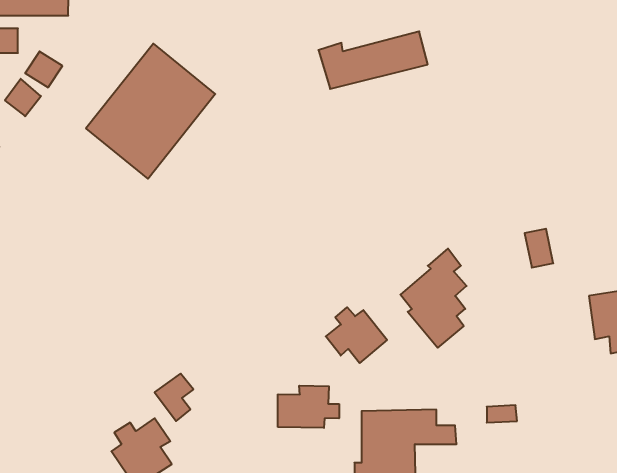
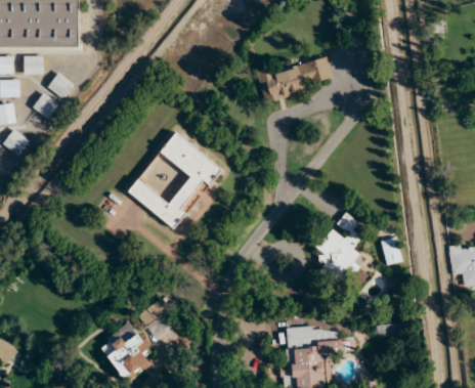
building: [86,44,215,179] -> [128,131,220,227]
building: [525,229,553,268] -> [381,236,401,264]
building: [326,307,387,363] -> none
building: [278,386,339,428] -> none

